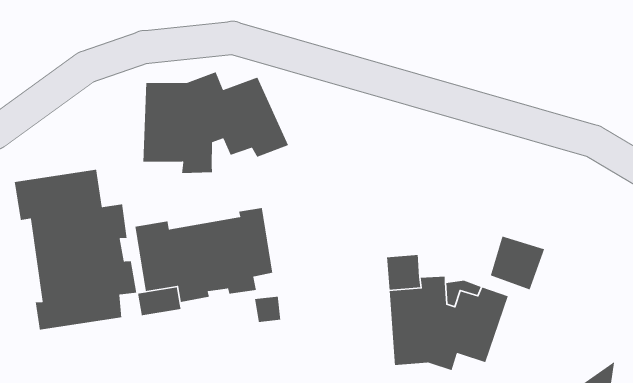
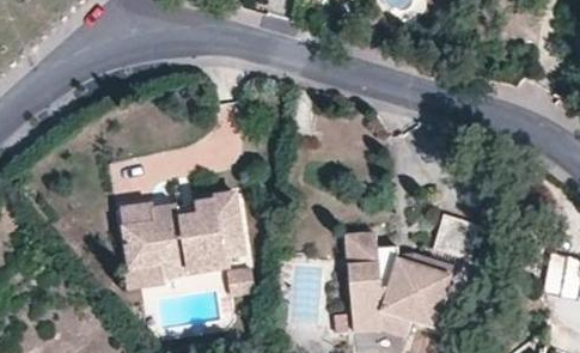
building: [143,71,289,174] -> none
building: [14,169,137,330] -> none

